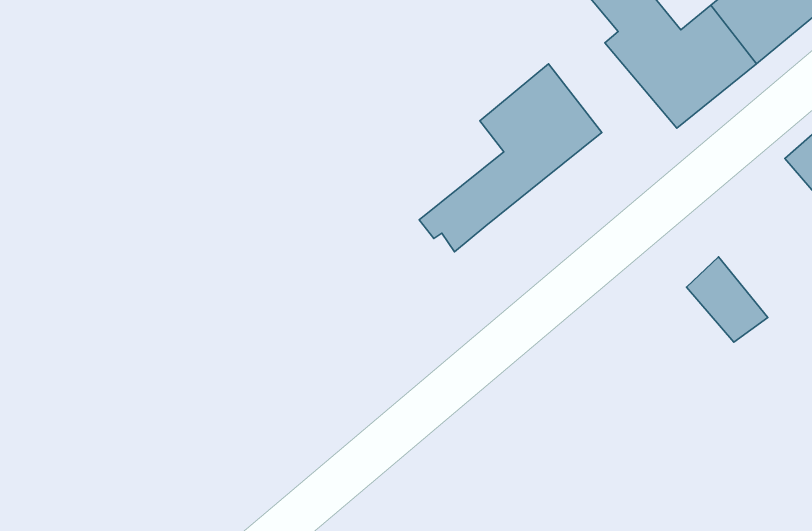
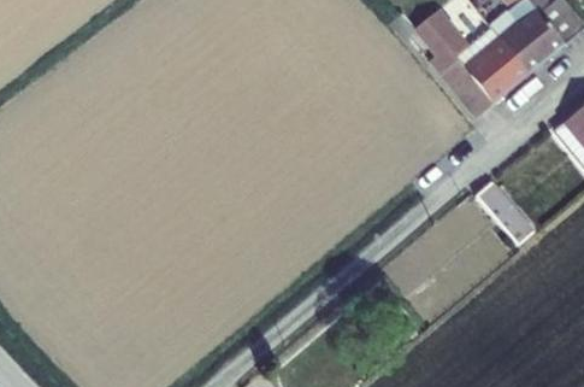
building: [419,64,602,252] -> none

